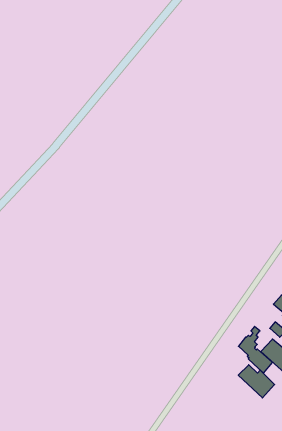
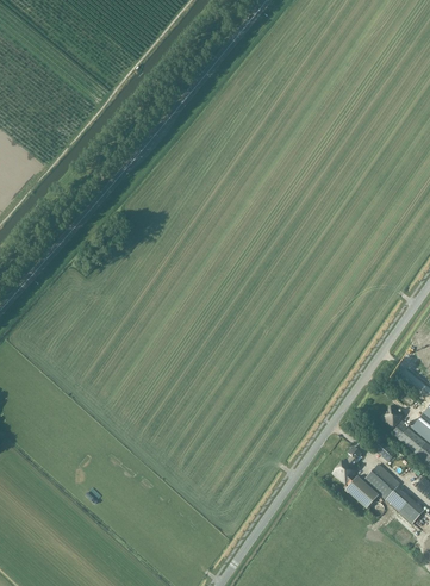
building: [238,365,275,398] -> none

